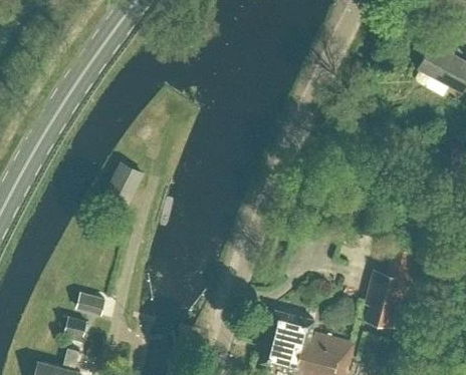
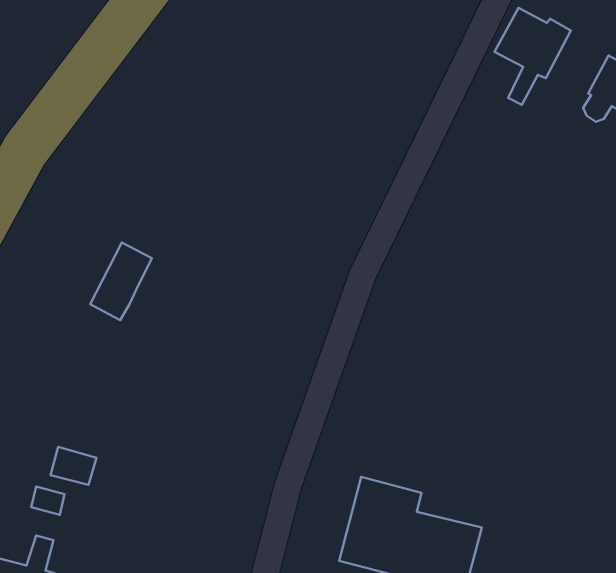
building: none -> [495,8,571,105]
building: [365,273,407,328] -> none

